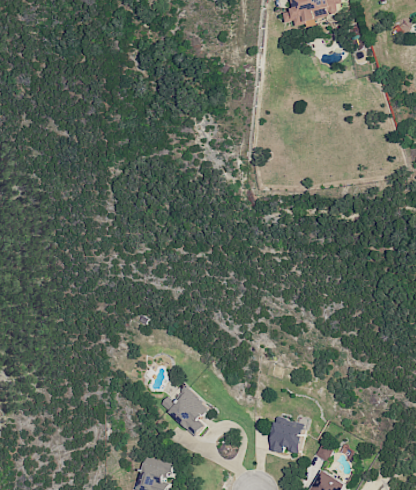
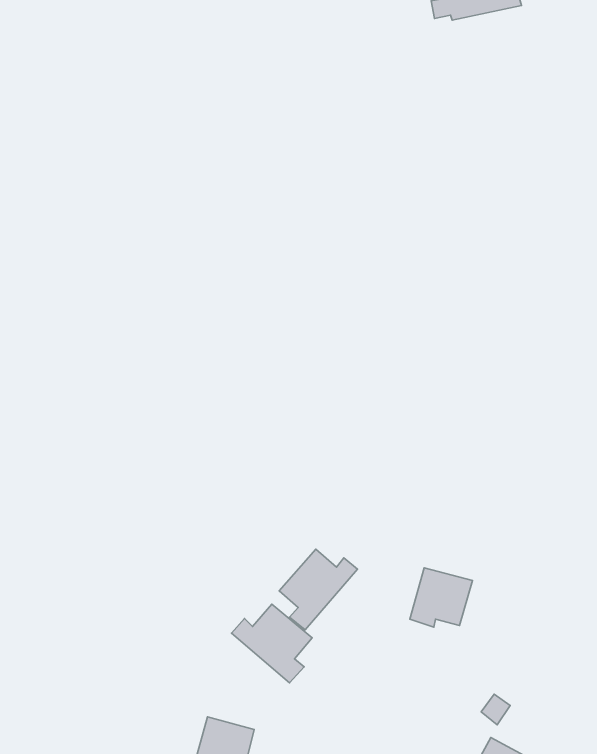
building: none -> [279,549,357,630]
building: [268,416,307,453] -> [410,568,473,627]

